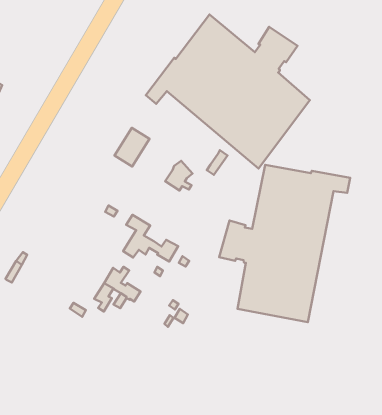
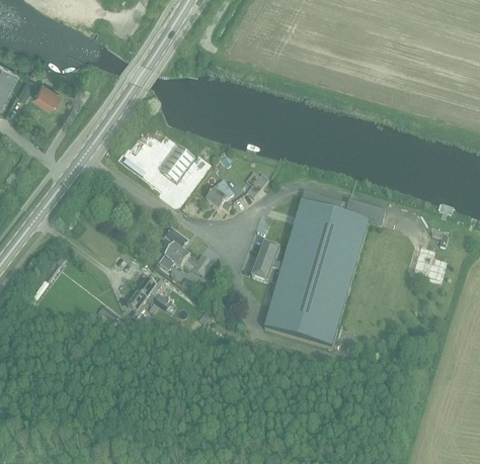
building: [146,15,310,169] -> none

